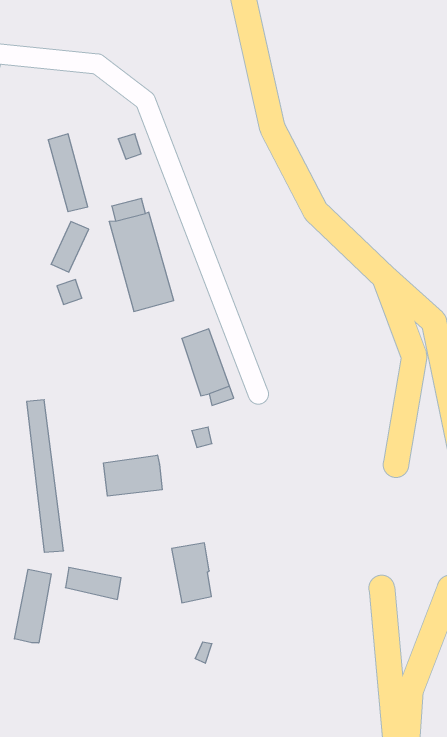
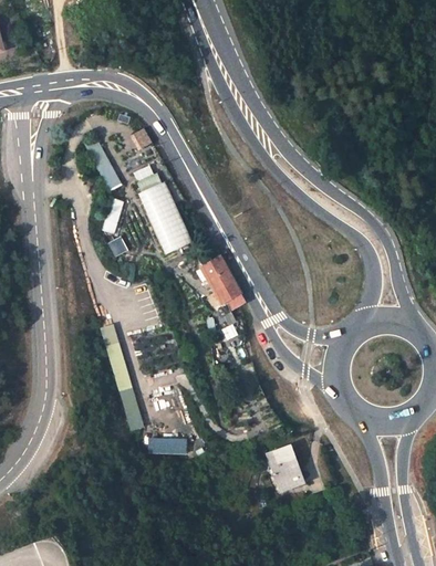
building: [104,455,162,496] -> none
building: [172,543,211,603] -> [267,447,300,491]
building: [14,569,51,643] -> none

